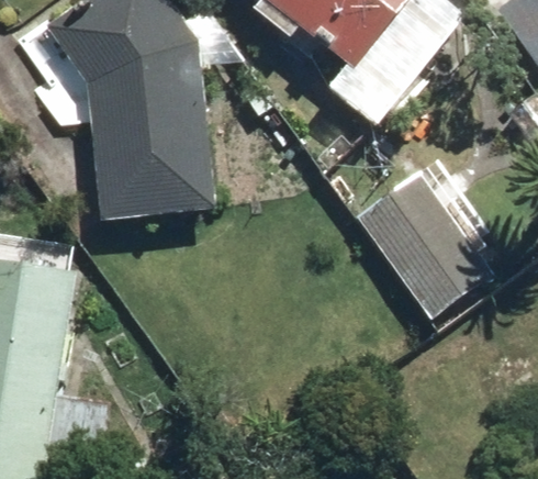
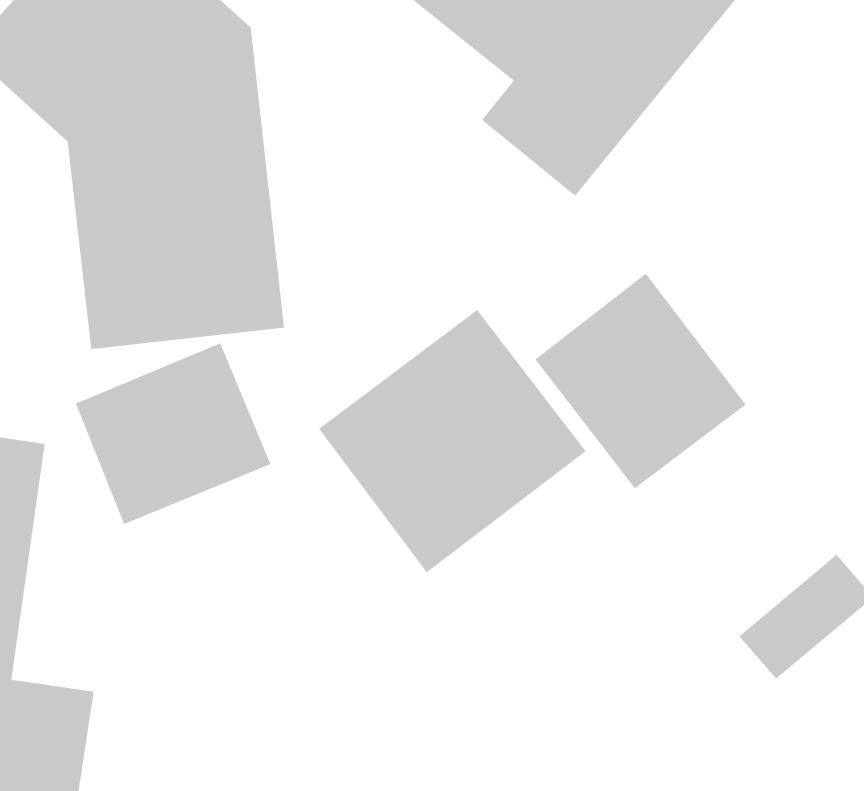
building: none -> [318,309,587,573]
building: none -> [75,342,271,525]

